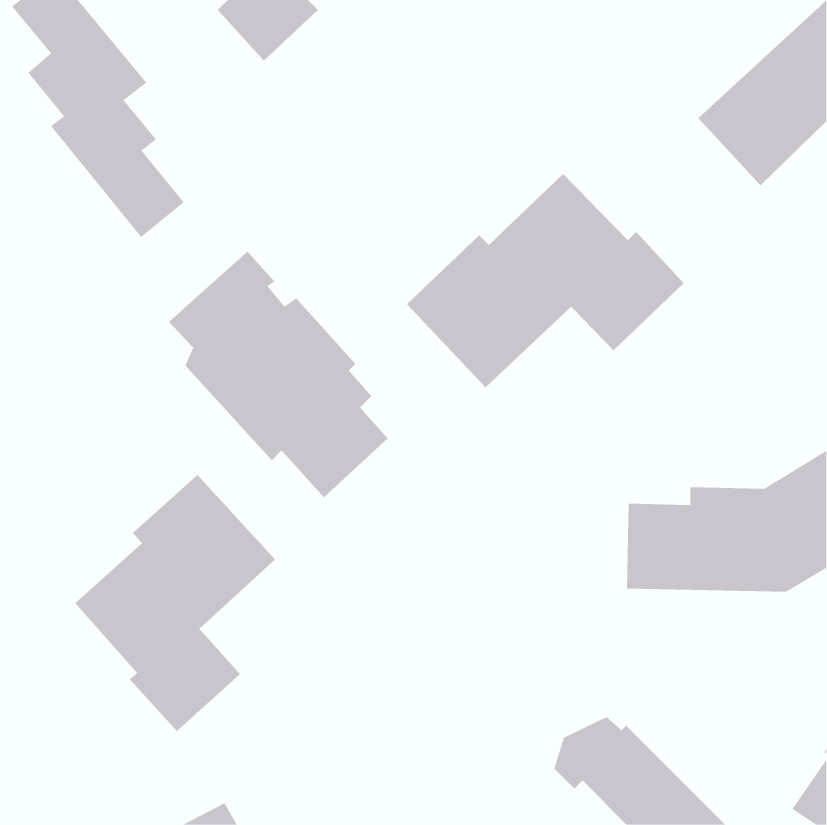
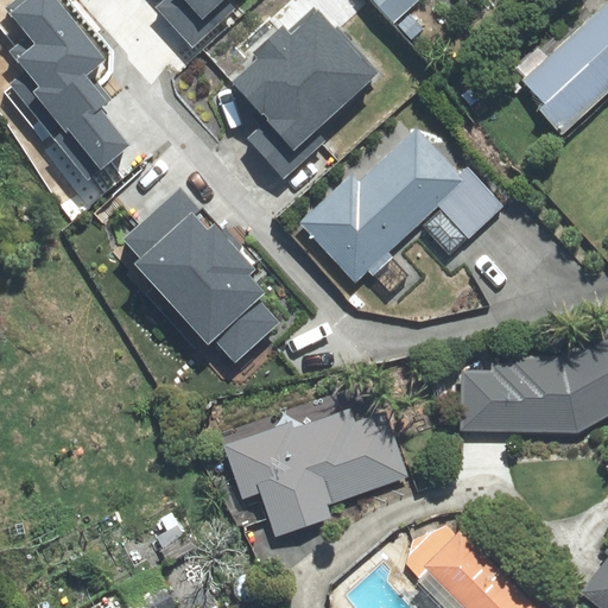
building: none -> [233,10,378,173]
building: [75,474,276,732] -> none
building: none -> [223,410,407,539]

